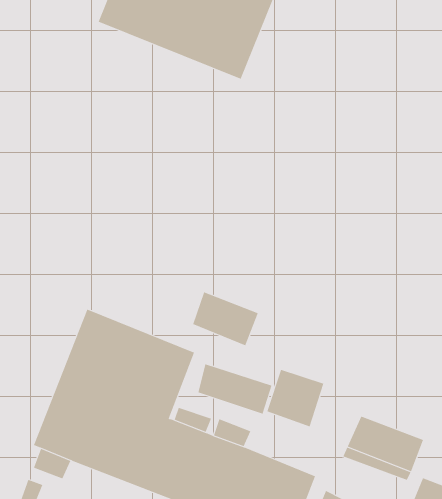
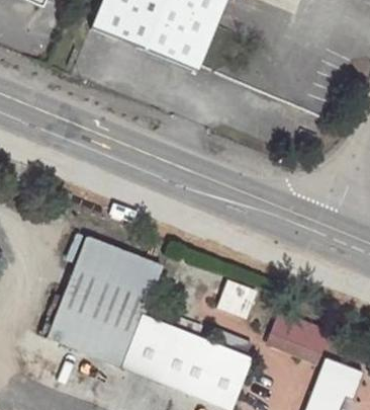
building: [192,291,259,346] -> none
building: [198,364,272,415] -> none

